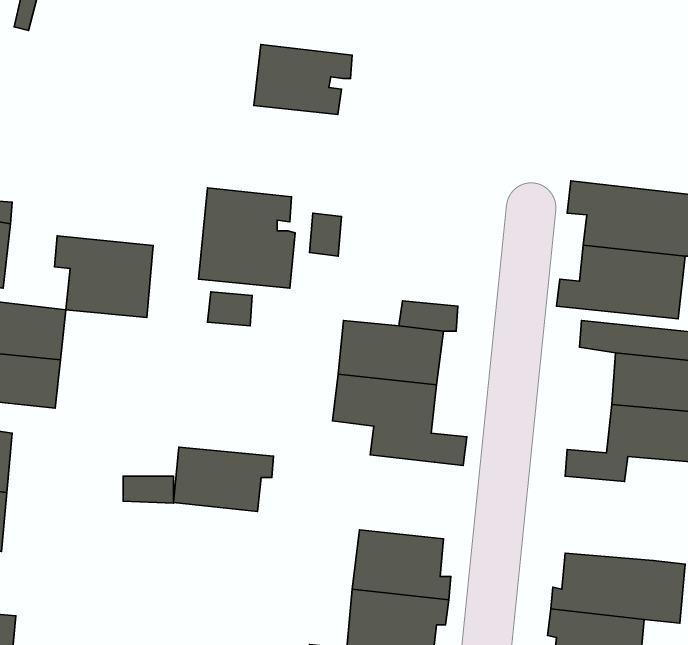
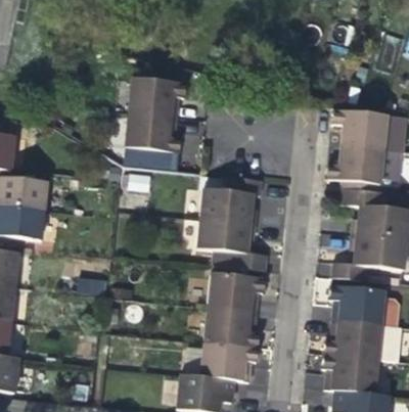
building: [254,45,352,114] -> [126,76,182,116]
building: [55,236,153,318] -> none
building: [173,447,274,512] -> [213,274,270,311]
building: none -> [328,283,383,323]

